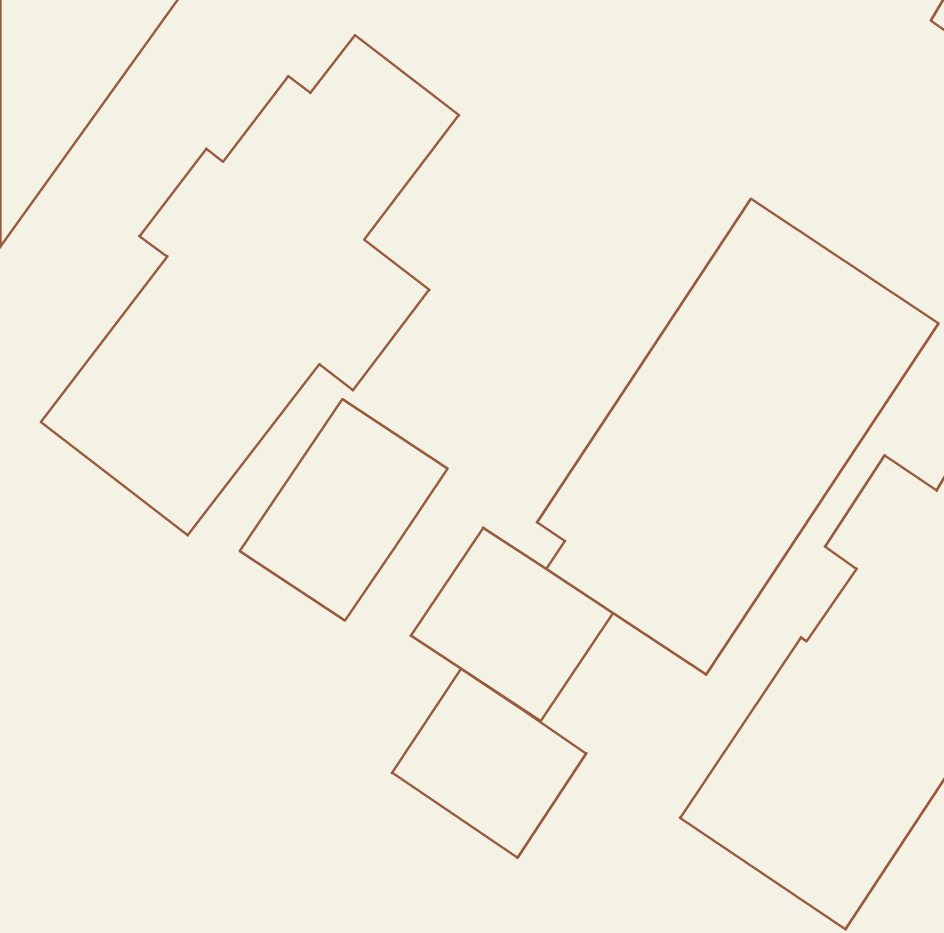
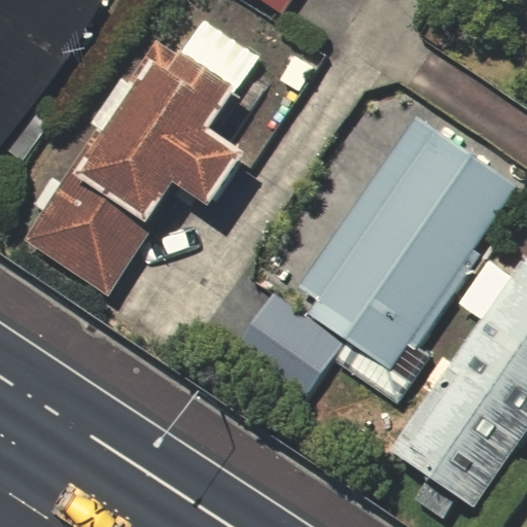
building: [240,399,447,620] -> none
building: [392,669,586,858] -> none

